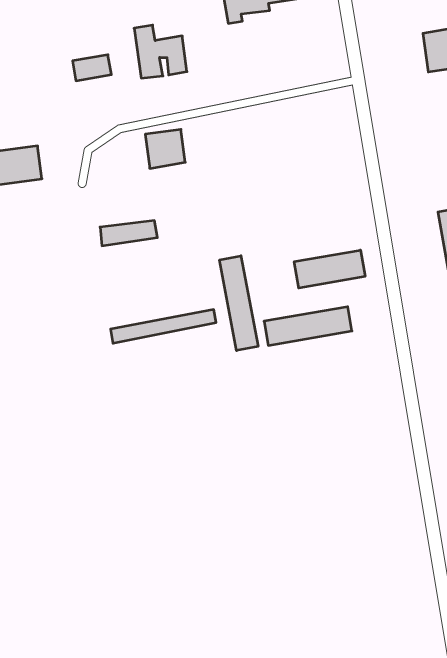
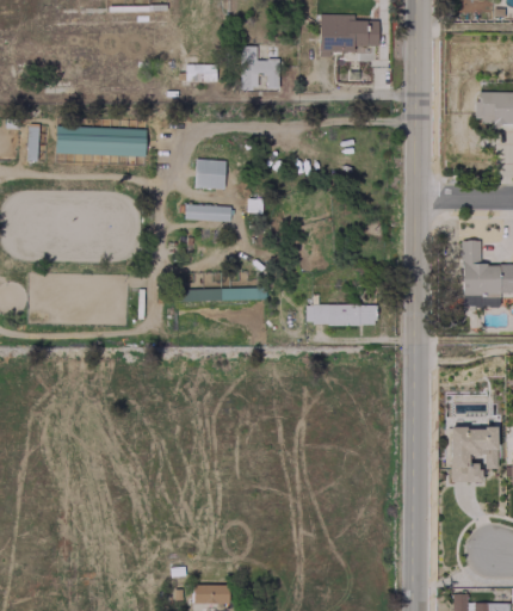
building: [145,129,185,168] -> [196,159,227,187]
building: [294,250,365,288] -> none
building: [220,256,258,351] -> none

